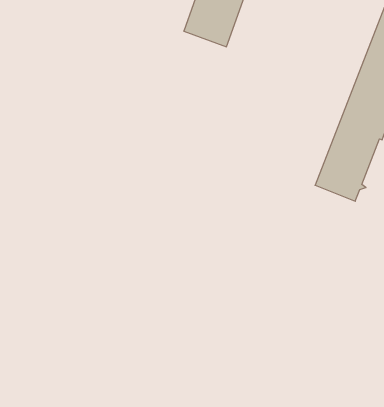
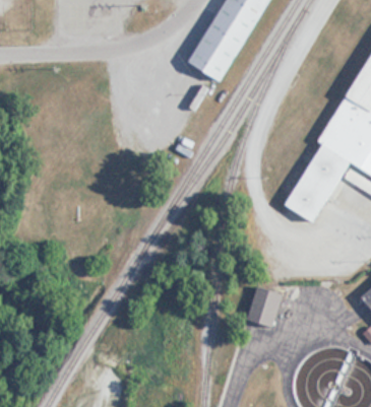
building: none -> [248,287,283,328]

